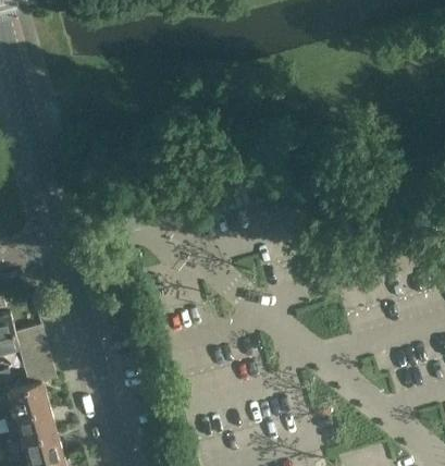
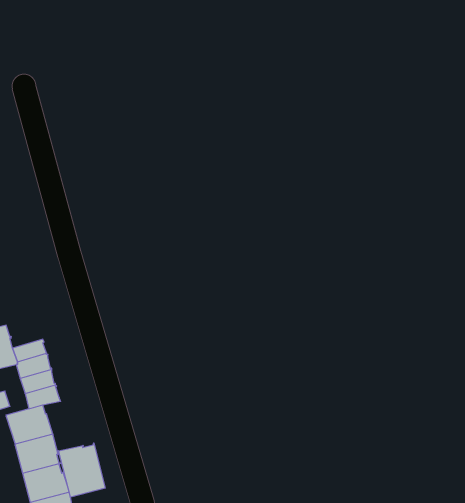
building: none -> [58,443,105,497]

